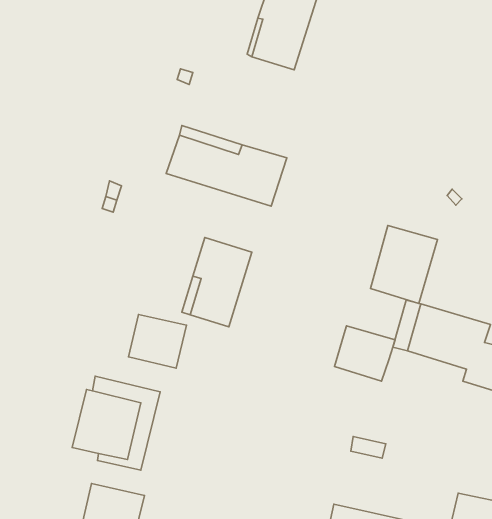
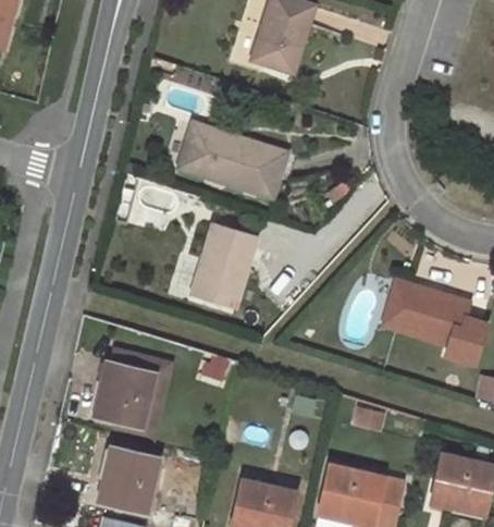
building: [371,226,437,303] -> none
building: [128,314,187,368] -> none
building: [334,326,395,381] -> none

